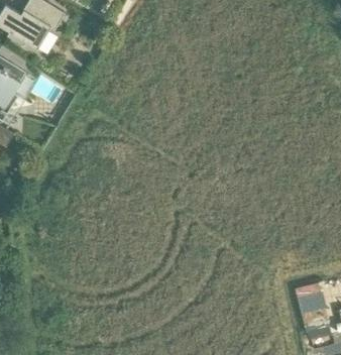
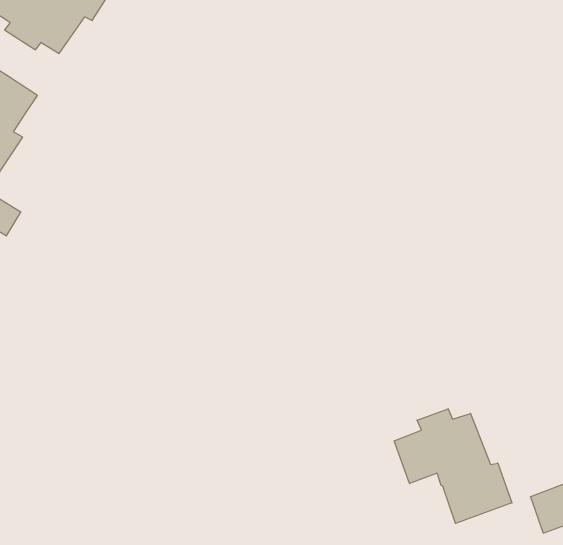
building: none -> [394,409,512,523]

